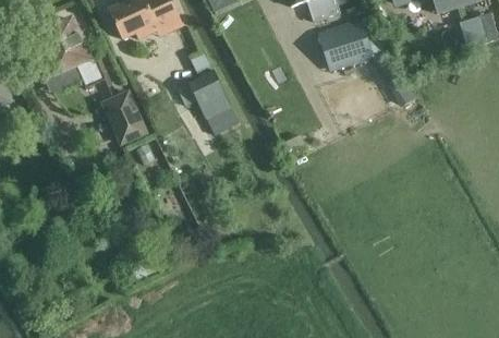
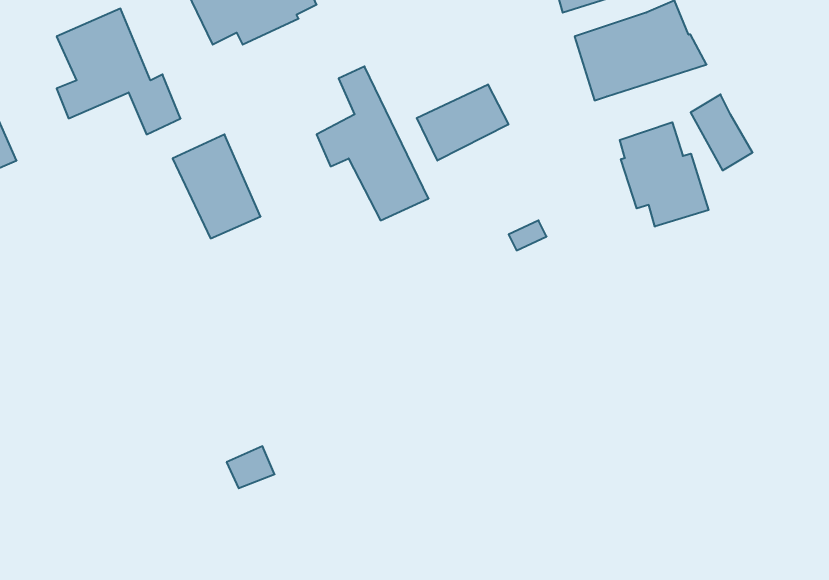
building: none -> [417,84,508,161]
building: none -> [620,122,709,227]

